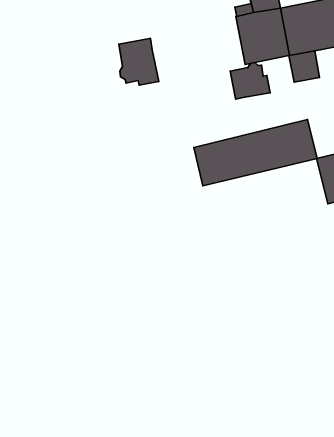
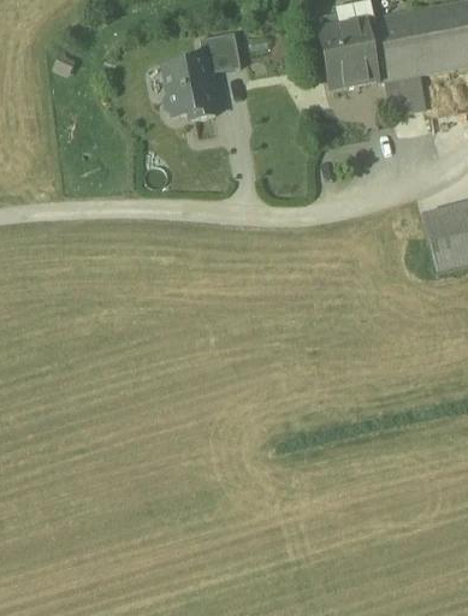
building: none -> [202,31,243,71]
building: [230,63,270,99] -> none
building: [194,119,317,186] -> none

